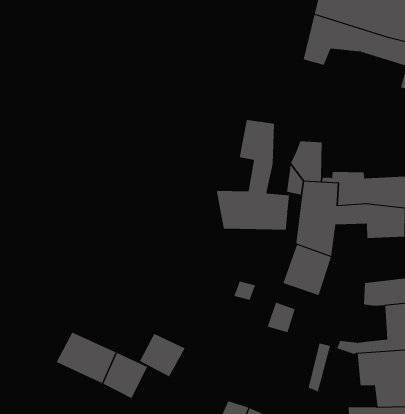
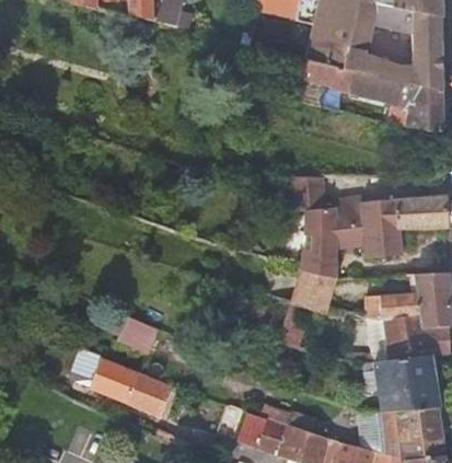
building: [216,119,289,230] -> none
building: [139,333,185,377] -> [119,315,161,355]

